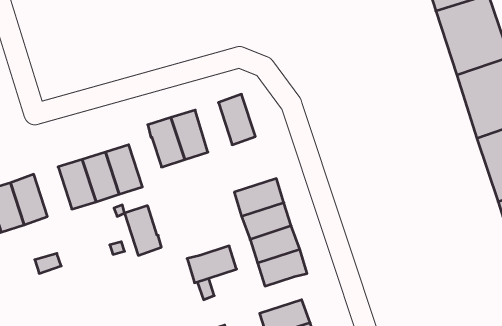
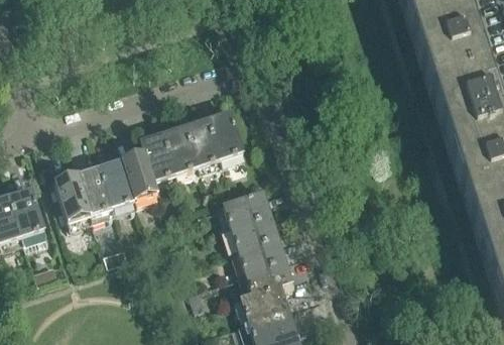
building: none -> [187,116,223,163]
building: [125,206,161,255] -> [124,149,159,197]
building: [187,246,237,283] -> [242,282,289,318]

